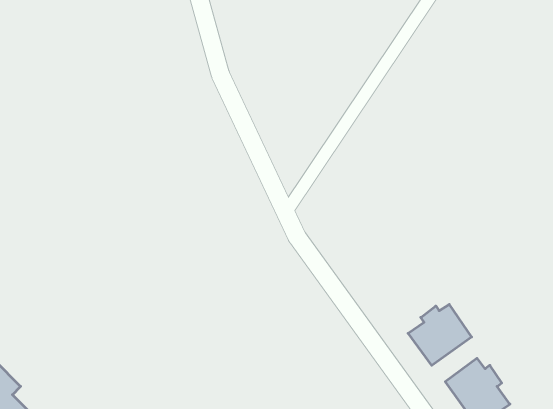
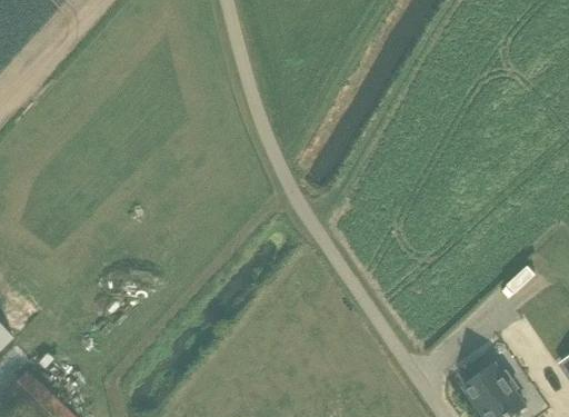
building: [408,304,472,365] -> none

